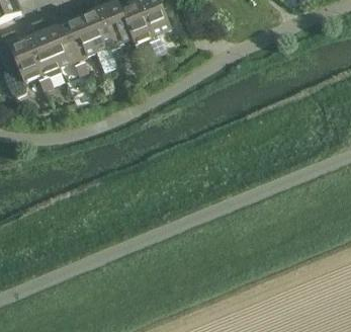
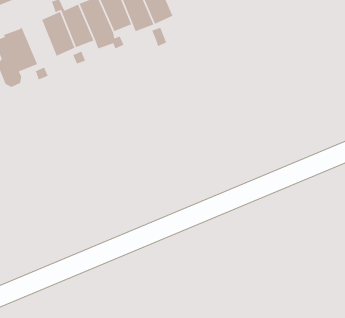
building: [19,25,60,73] -> none

